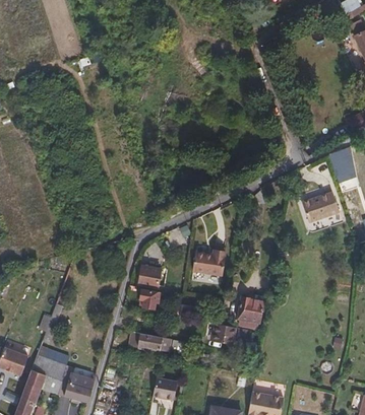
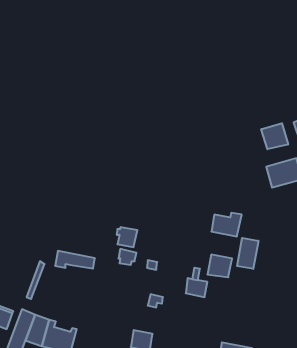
building: none -> [261,123,288,149]
building: [194,249,227,274] -> [211,213,242,236]
building: none -> [237,238,258,269]
building: [129,330,172,349] -> [55,251,95,269]

